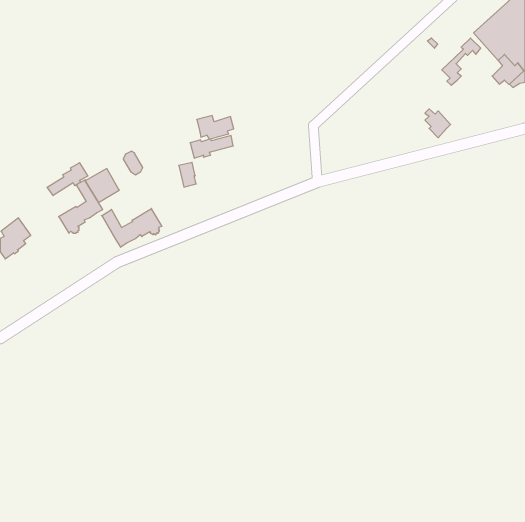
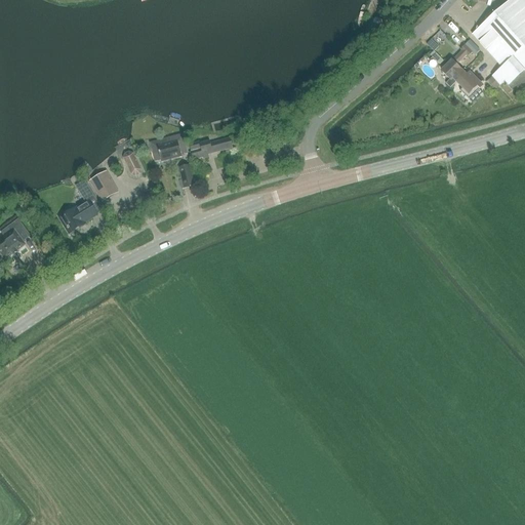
building: [425,109,451,138] -> [456,69,482,97]
building: [197,116,234,139] -> [151,137,188,161]
building: [47,163,88,196] -> none
building: [101,208,162,247] -> none

